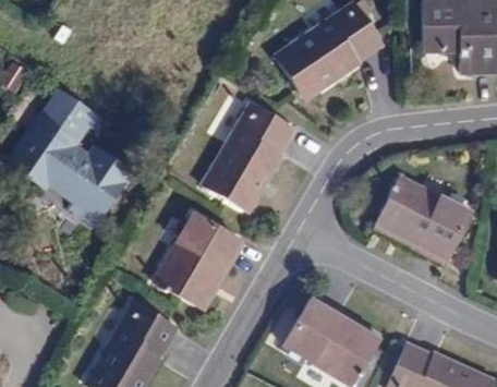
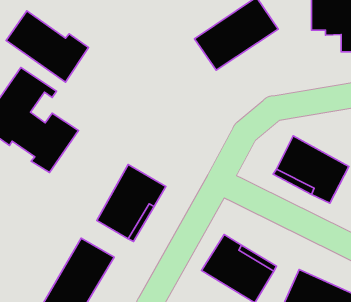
building: none -> [6,11,89,82]
building: [205,104,293,208] -> none

